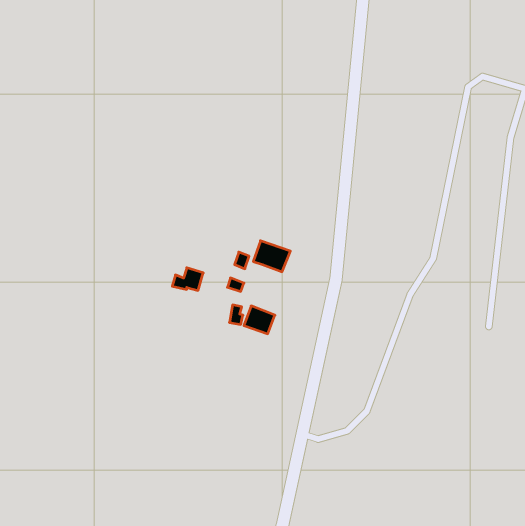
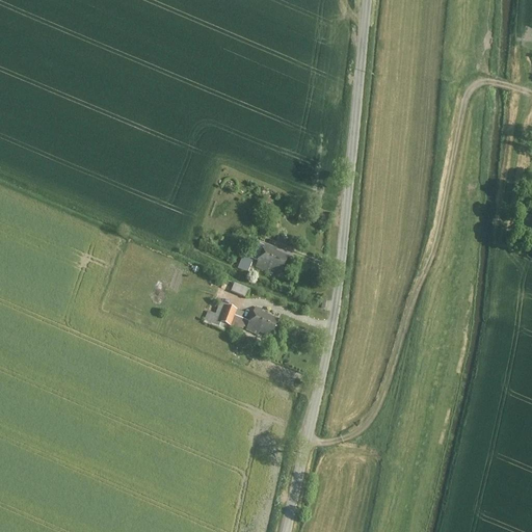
building: [172,268,203,290] -> [203,300,234,323]

